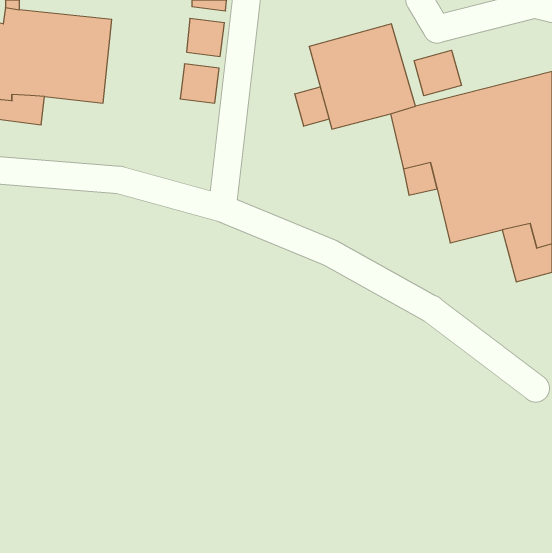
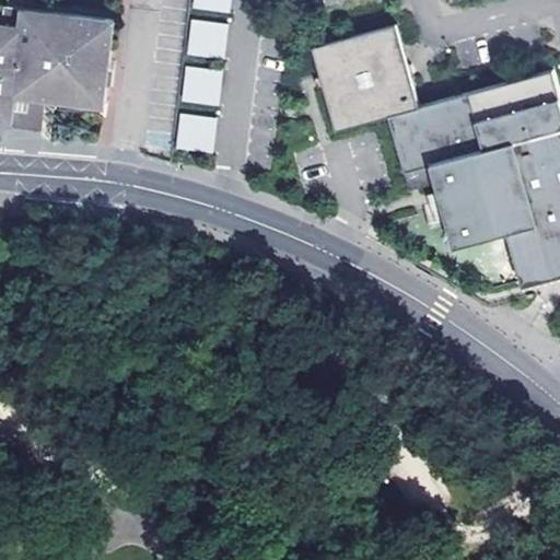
building: [414,50,461,96] -> none
building: [295,87,329,126] -> none
building: none -> [176,113,214,152]

